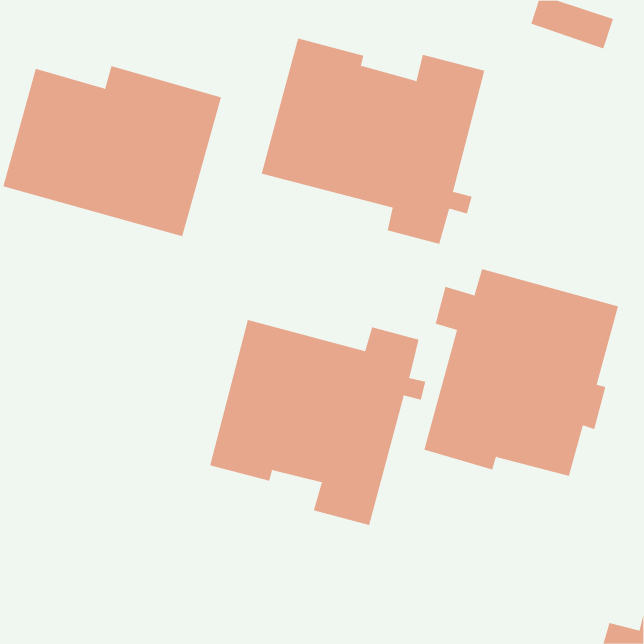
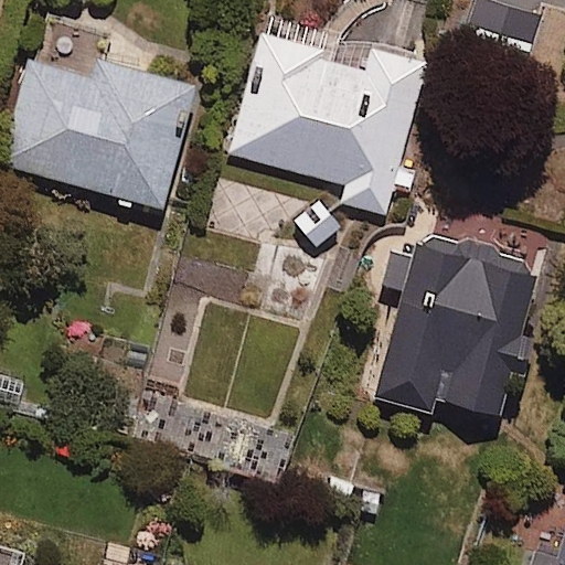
building: [210,319,426,526] -> none

